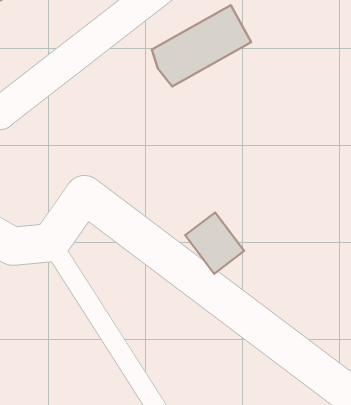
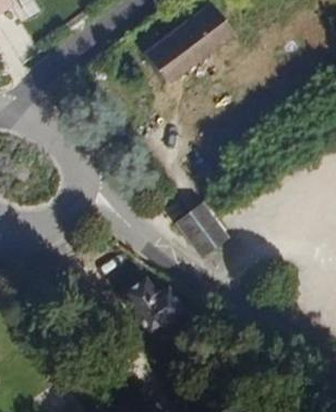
building: none -> [123,278,187,331]

